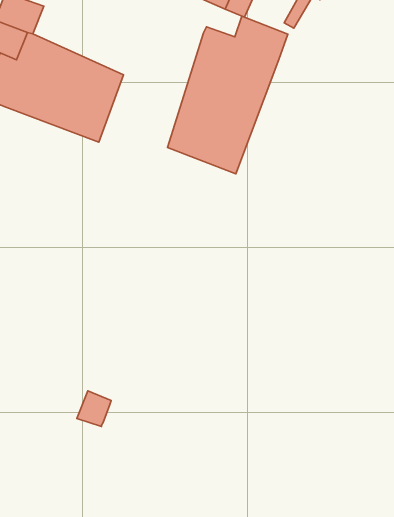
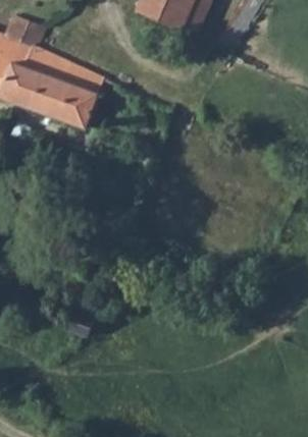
building: [167,16,288,174] -> none

